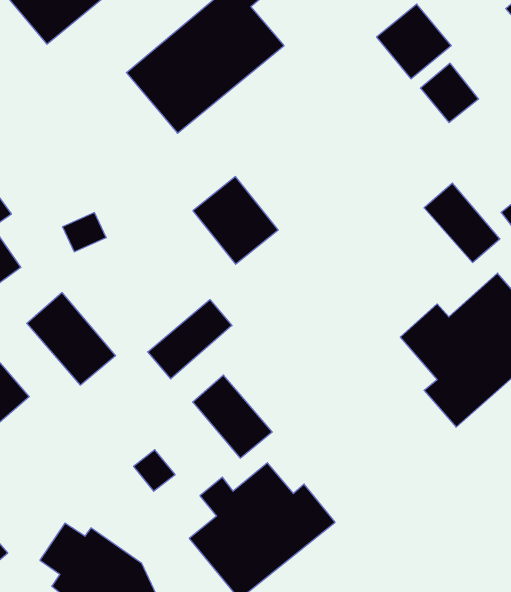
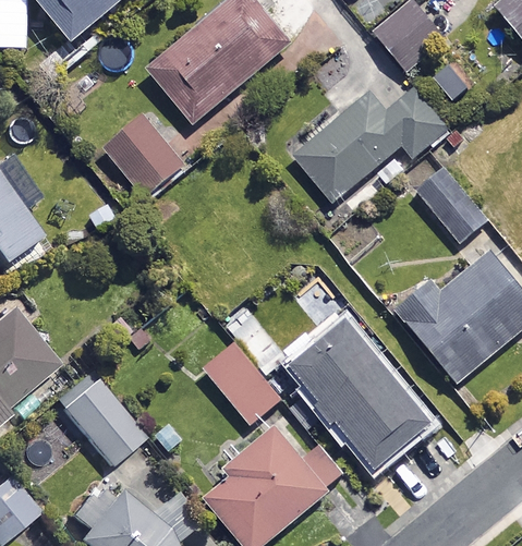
building: none -> [295,89,445,207]
building: [193,177,278,264] -> [105,117,183,197]
building: [27,293,116,385] -> [62,378,144,463]
building: [148,300,232,379] -> none
building: none -> [280,321,428,470]

